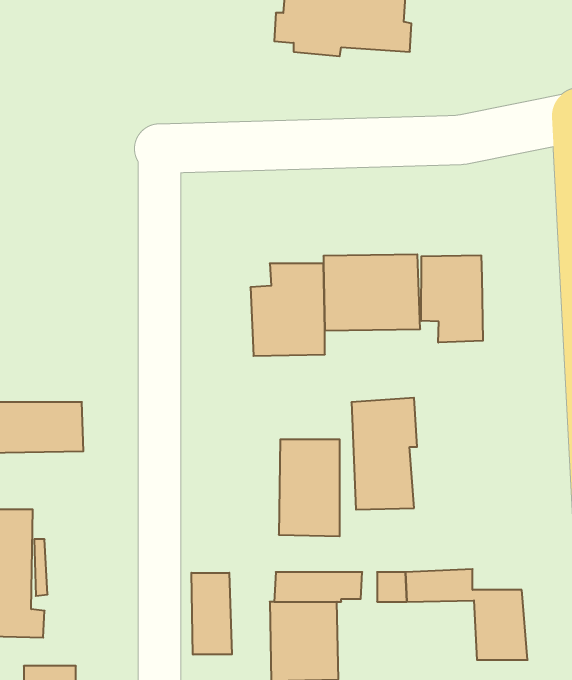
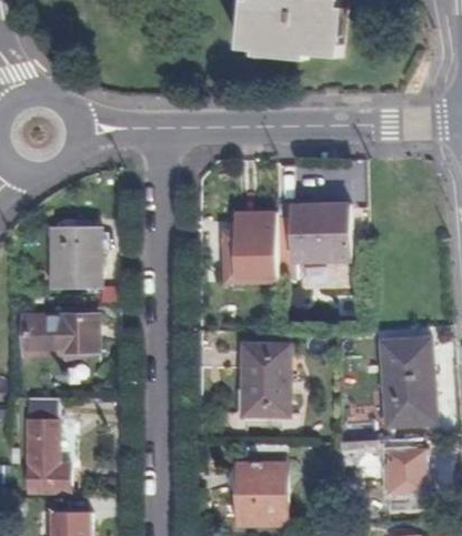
building: [421,255,483,343] -> none
building: none -> [51,227,99,289]
building: [351,398,417,510] -> [382,341,431,424]
building: [191,573,232,655] -> none

